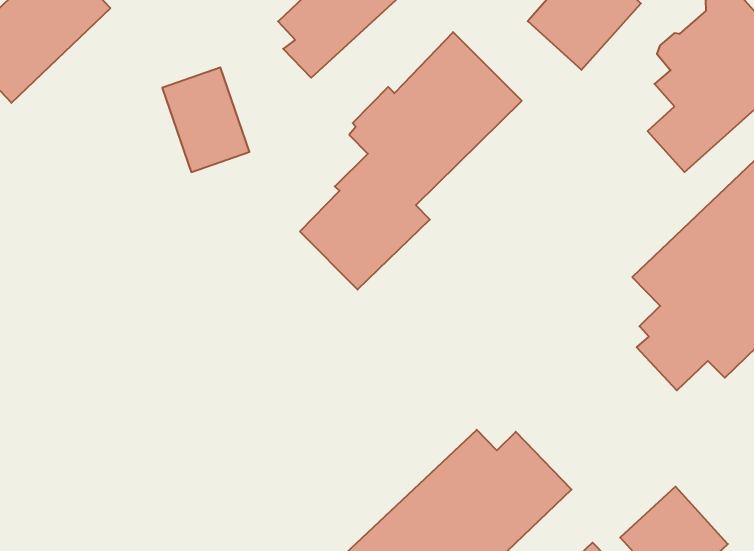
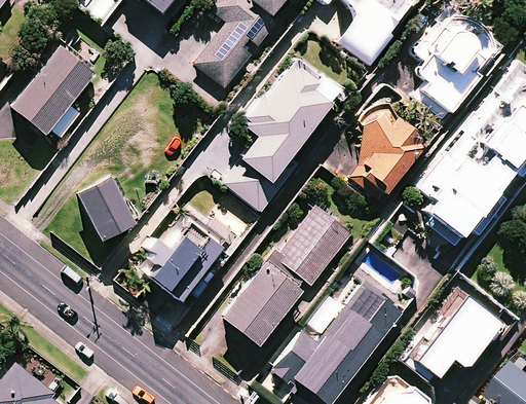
building: [162,67,249,172] -> [79,177,135,240]
building: none -> [347,106,427,203]
building: none -> [148,212,225,299]
building: none -> [223,207,352,344]

